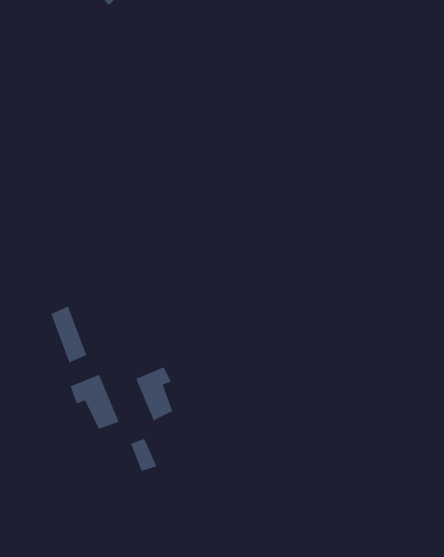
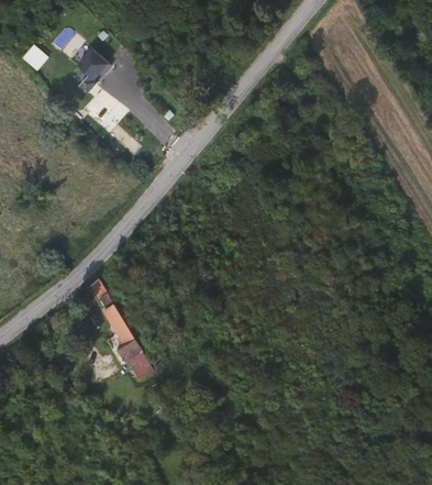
building: [136,367,173,421] -> none

